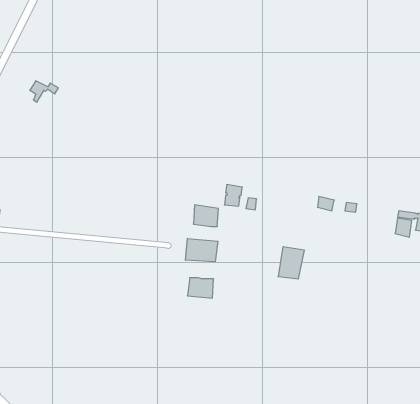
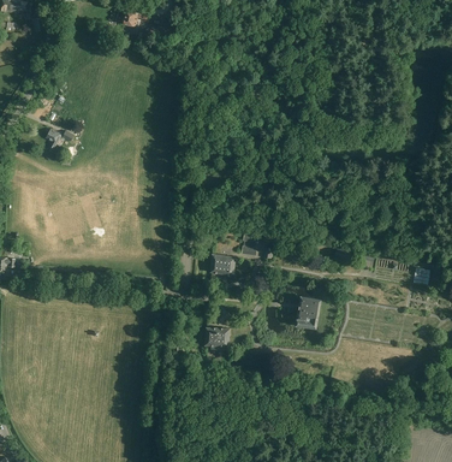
building: [186,238,218,262] -> none

